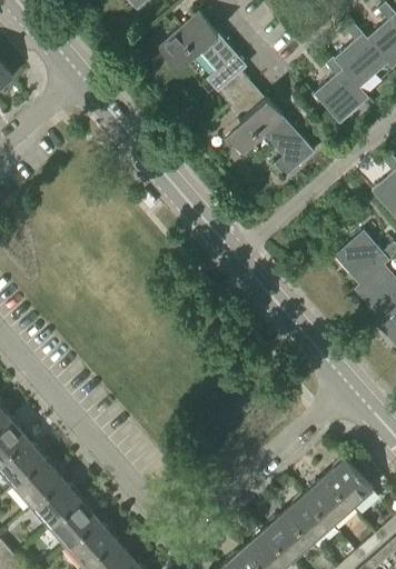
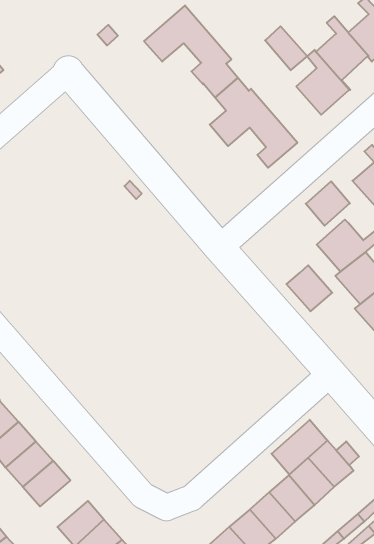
building: none -> [265,26,307,70]
building: none -> [306,181,350,226]
building: none -> [286,265,332,311]
building: none -> [271,420,327,475]
building: [50,499,99,547] -> none

